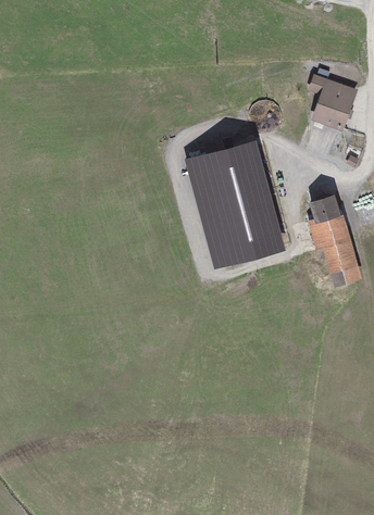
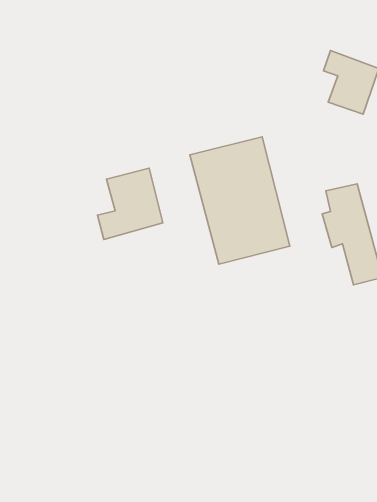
building: none -> [98,168,163,239]

